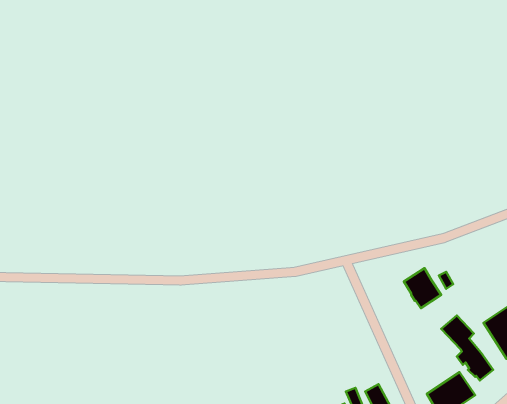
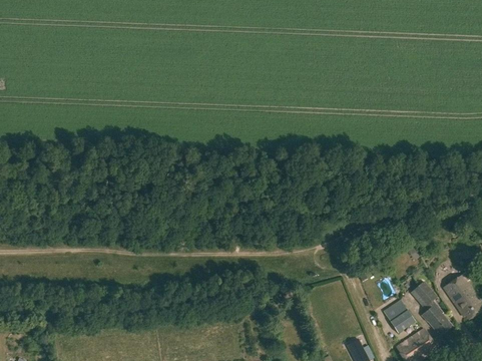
building: [404,268,441,308] -> [383,300,414,333]

